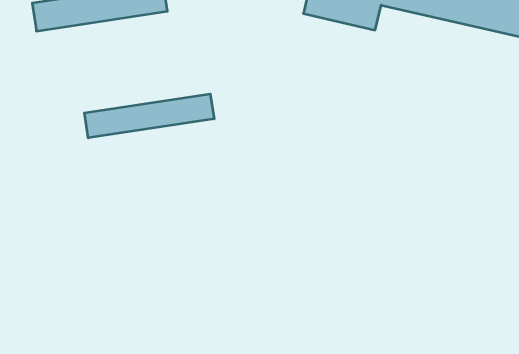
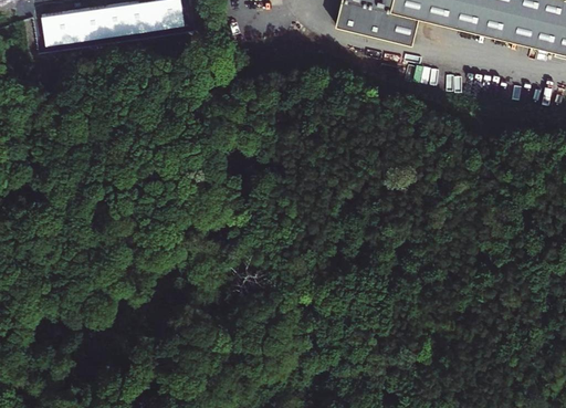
building: [84,94,214,138] -> none

